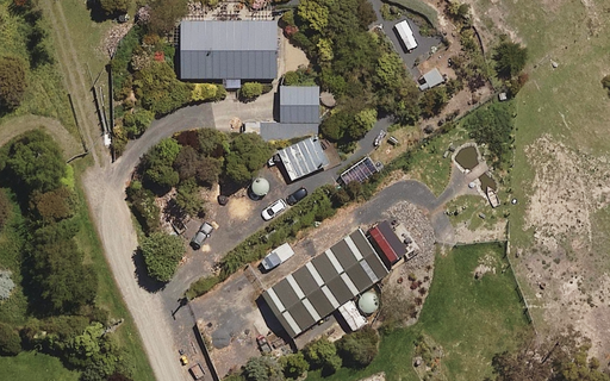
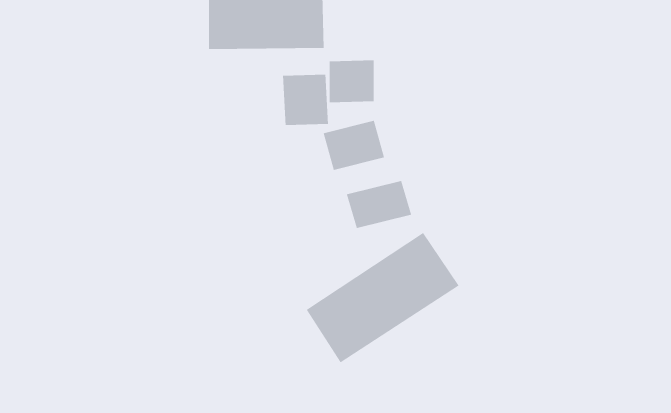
building: none -> [282,74,328,126]
building: none -> [346,180,412,229]

